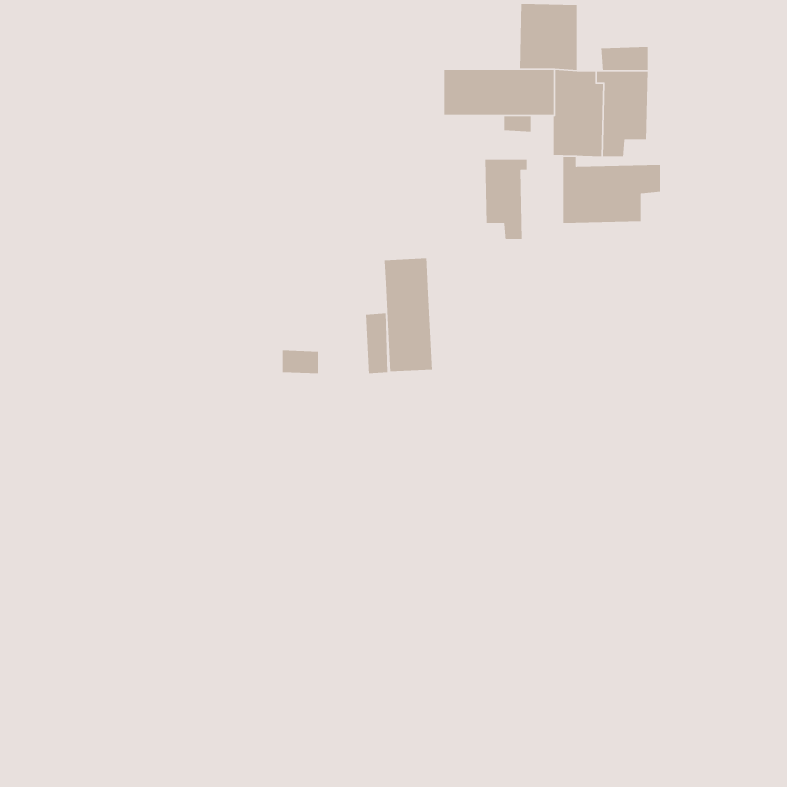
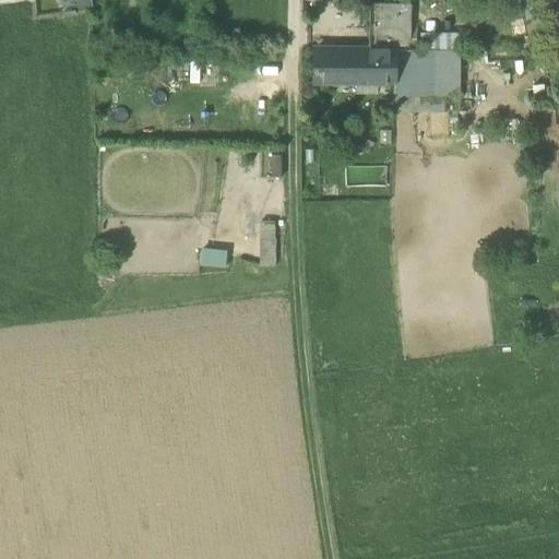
building: [562,156,661,224] -> none
building: [485,159,527,240] -> none
building: [384,258,433,372] -> none

